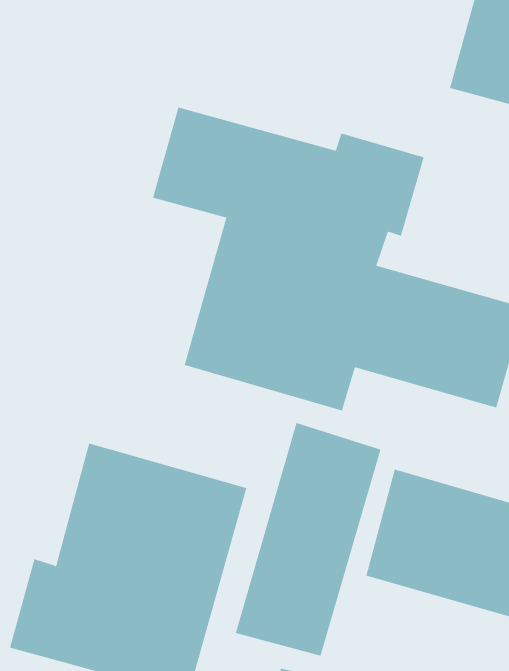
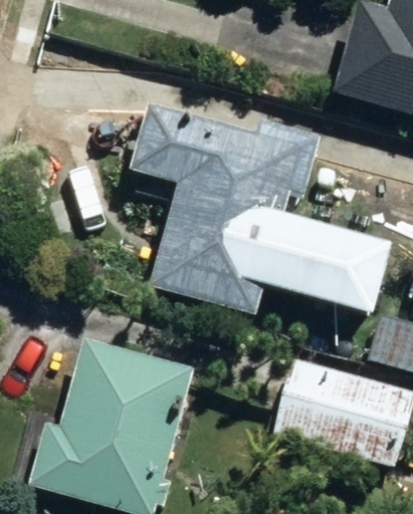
building: [235,422,381,657] -> none

